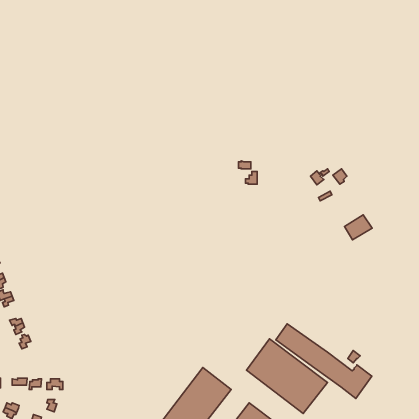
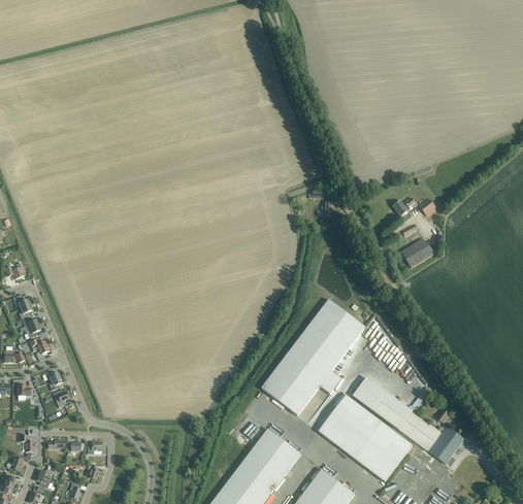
building: [345,215,372,240] -> [401,238,433,267]
building: none -> [261,299,365,415]

